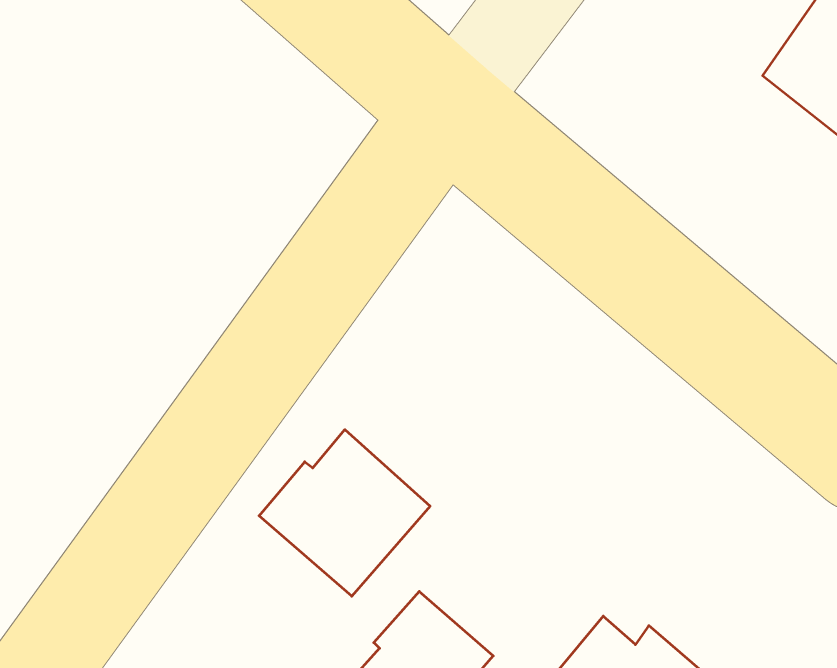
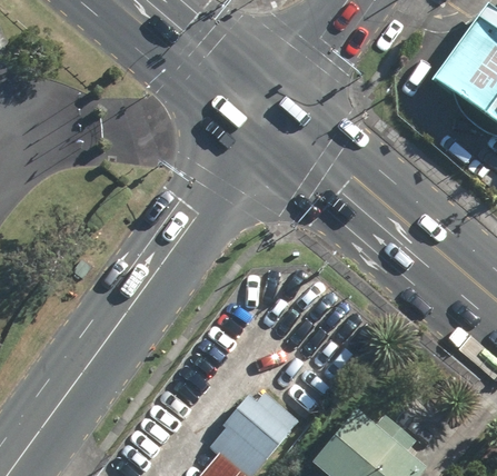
building: [259,430,430,596] -> none

